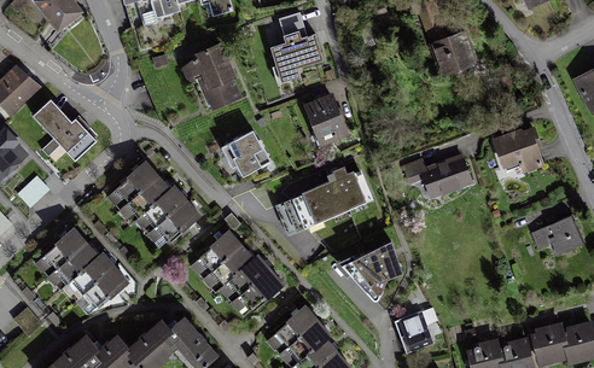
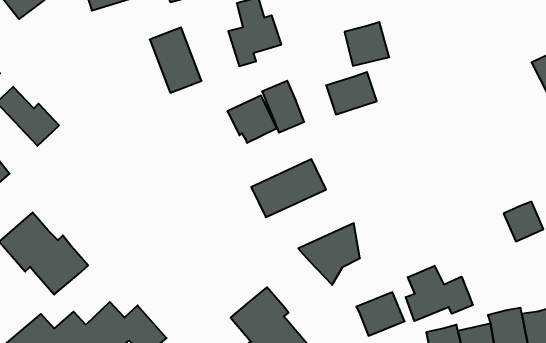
building: [433,33,478,76] -> [345,22,389,66]
building: [220,125,269,173] -> [227,96,277,143]
building: [494,125,546,171] -> none
building: [421,153,472,195] -> [326,72,377,114]
building: [110,162,197,240] -> none
building: [191,227,280,310] -> none
building: none -> [406,266,473,321]

